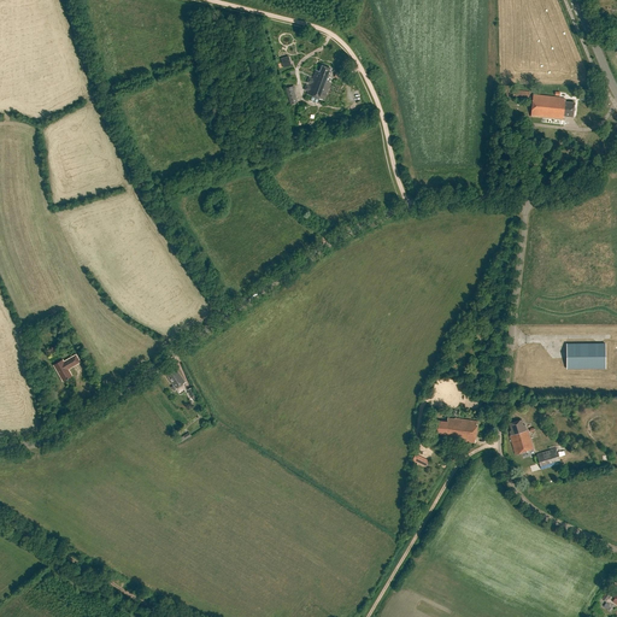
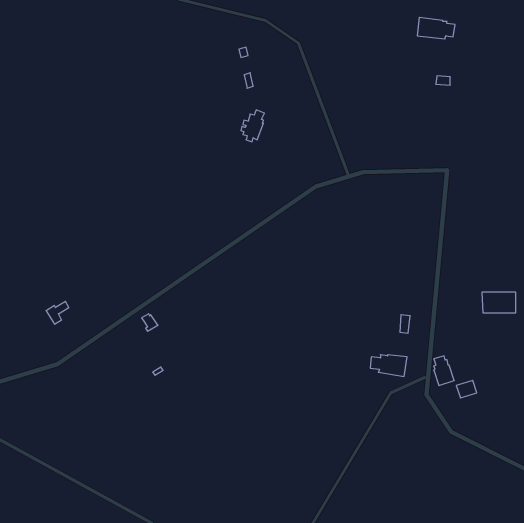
building: [305,65,333,102] -> [241,110,264,142]
building: [530,93,575,118] -> [417,17,455,39]

